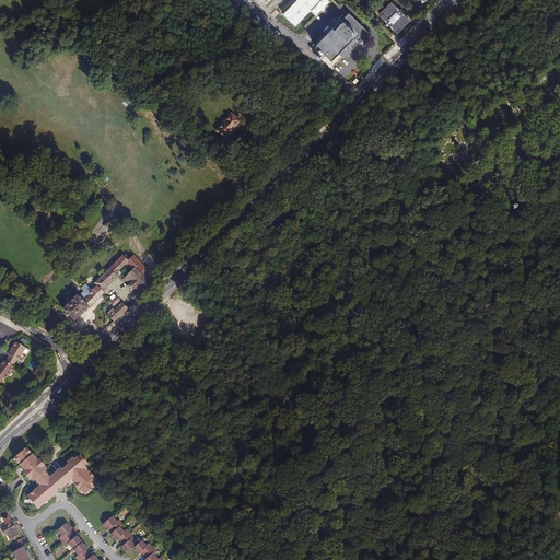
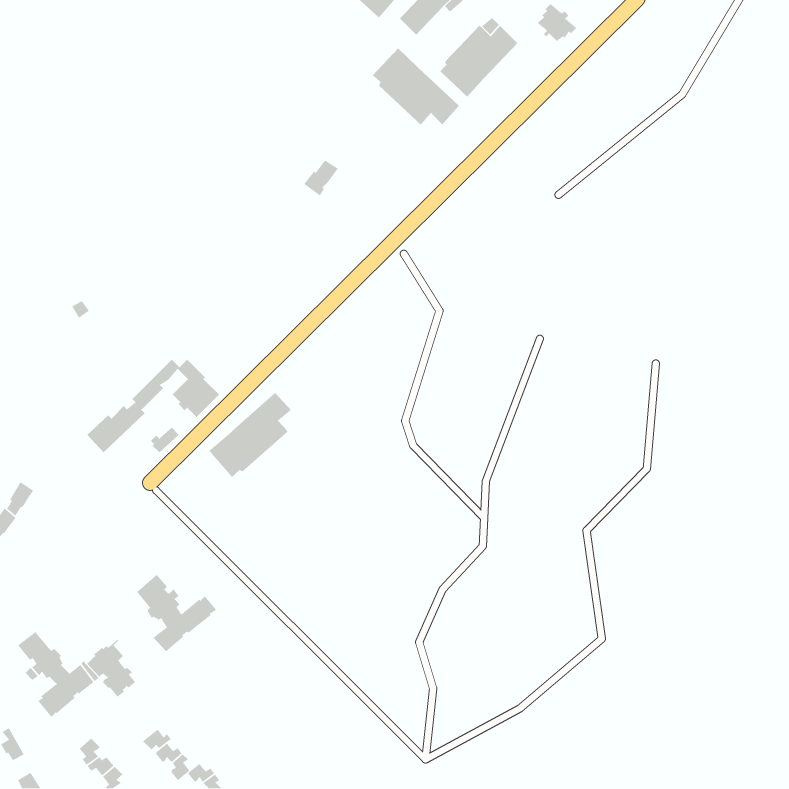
building: none -> [372,48,460,126]
building: none -> [208,392,292,478]
building: none -> [136,574,217,652]

